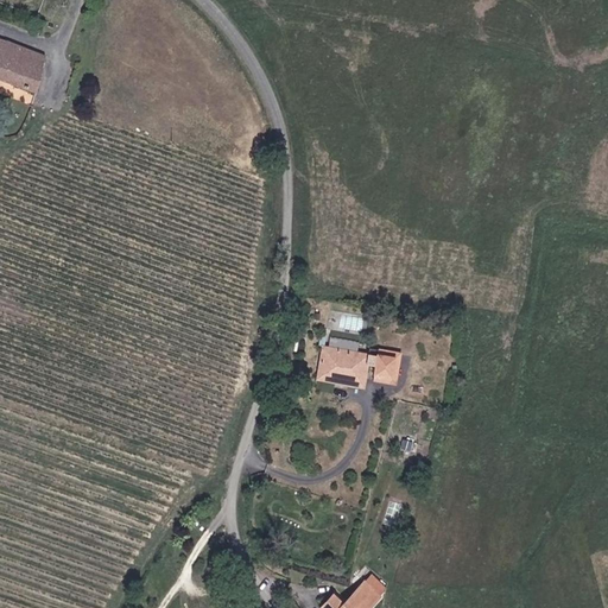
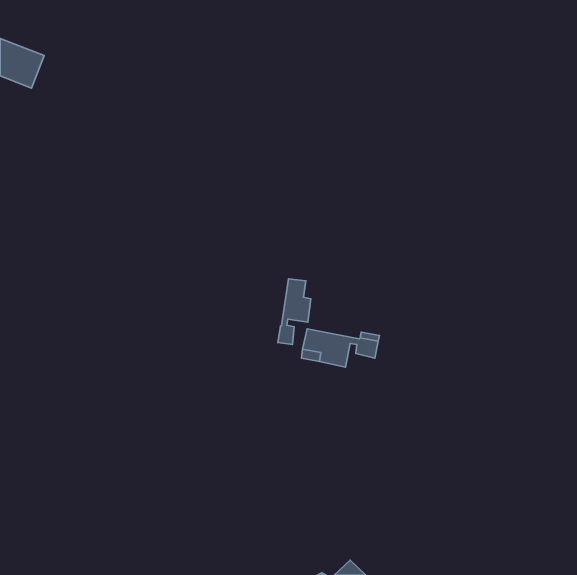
building: none -> [278,279,311,344]

